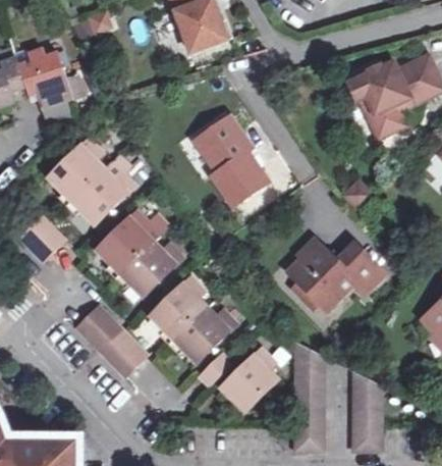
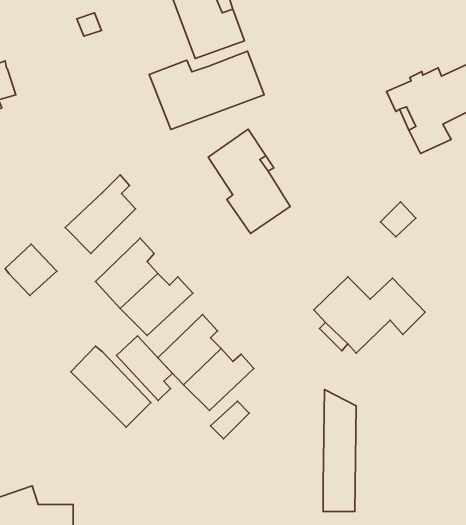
building: none -> [149,51,264,130]
building: [20,49,90,105] -> none
building: [49,140,103,202] -> none
building: none -> [117,336,172,401]
building: [221,350,276,411] -> none
building: [351,372,379,450] -> none

